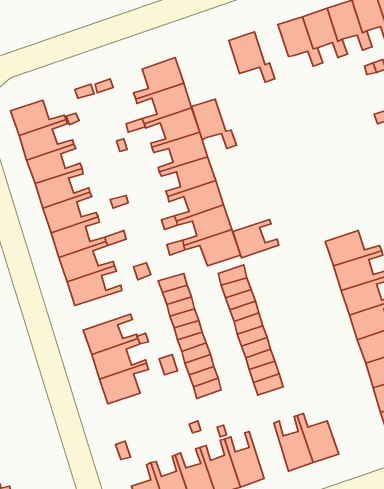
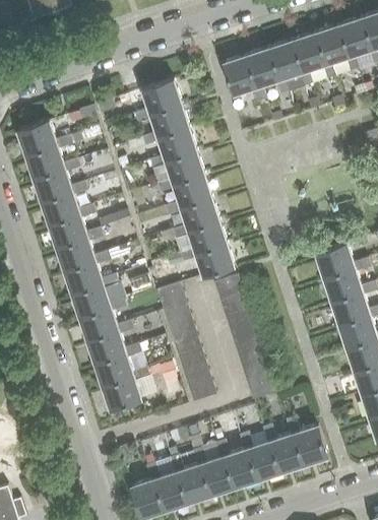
building: [192,99,237,148] -> [248,49,291,95]
building: [233,219,279,258] -> none
building: none -> [77,302,130,339]
building: none -> [243,428,280,480]

